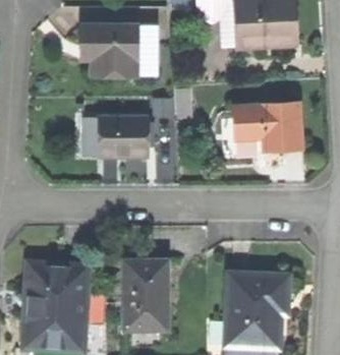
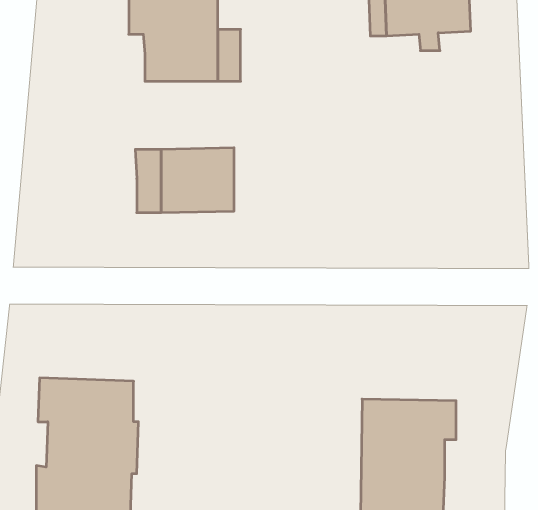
building: [235,103,302,152] -> none
building: [125,261,168,331] -> none

